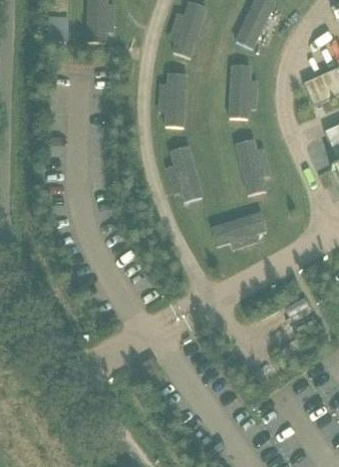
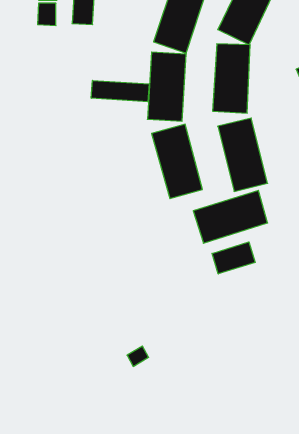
building: none -> [91,80,149,102]
building: none -> [212,242,255,274]

